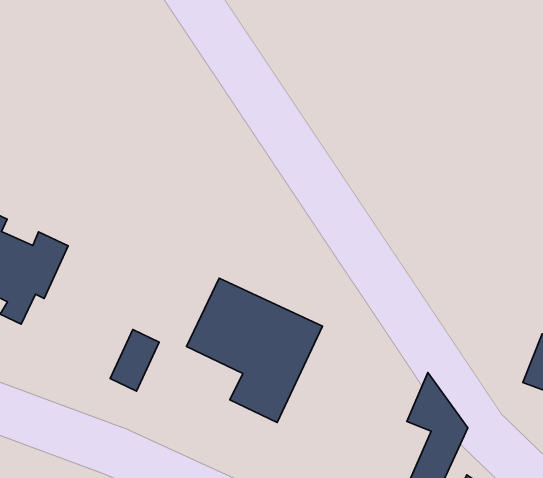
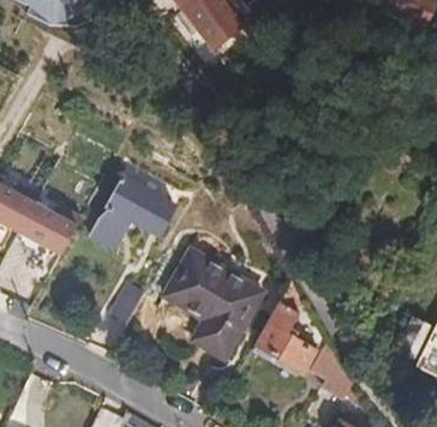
building: none -> [91,181,175,254]
building: none -> [255,275,315,371]

